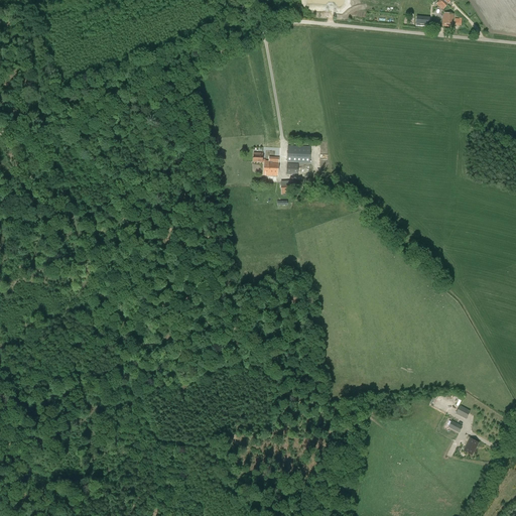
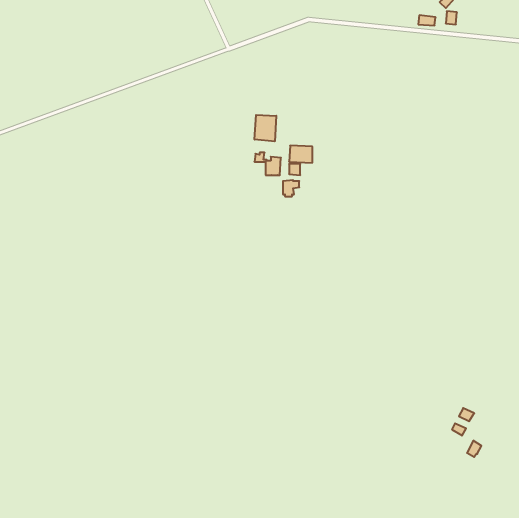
building: none -> [255,115,276,141]

